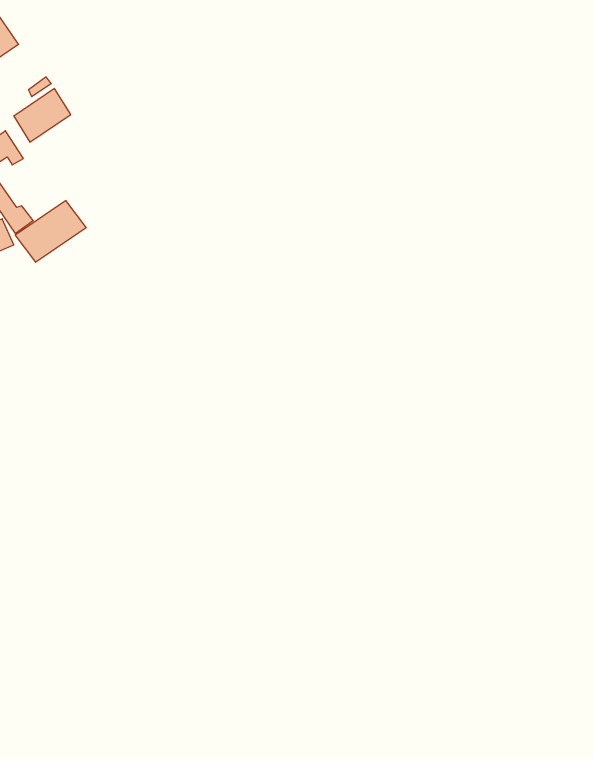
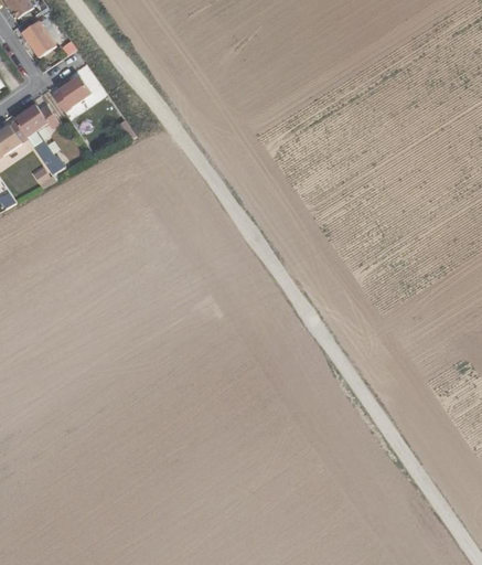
building: [15,201,86,262] -> none

